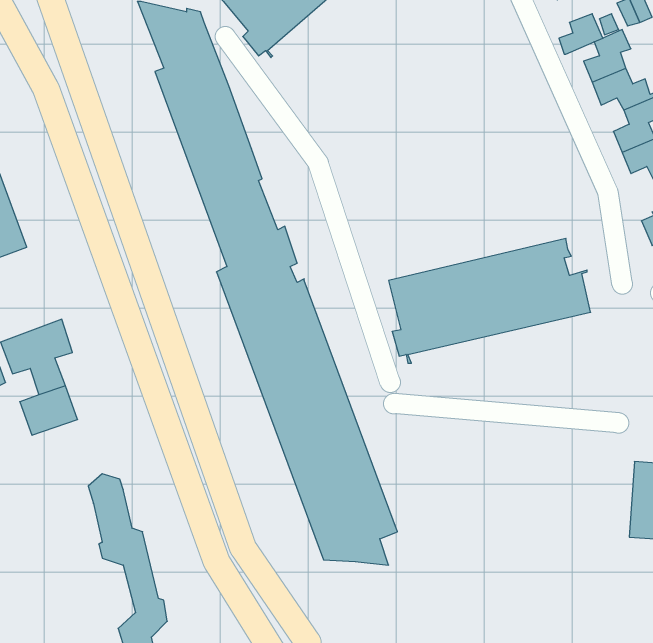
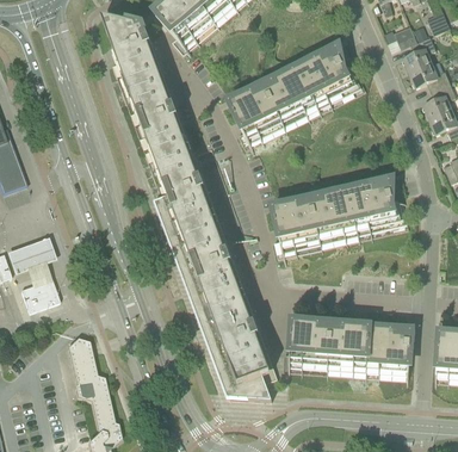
building: none -> [227,44,365,151]
building: none -> [283,318,415,384]

